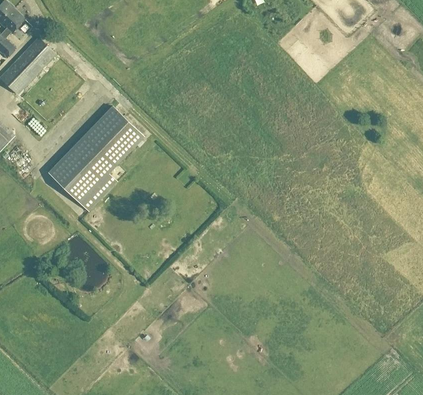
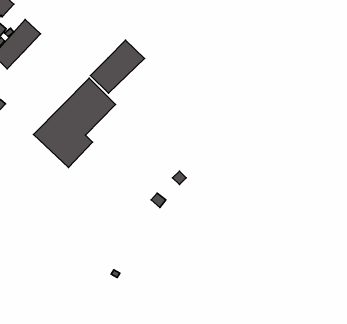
building: none -> [91,40,145,93]

